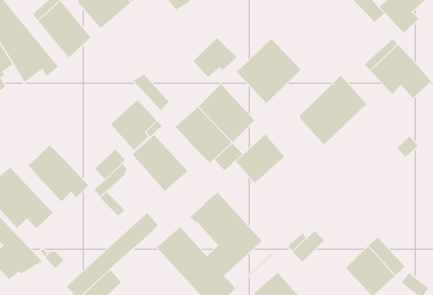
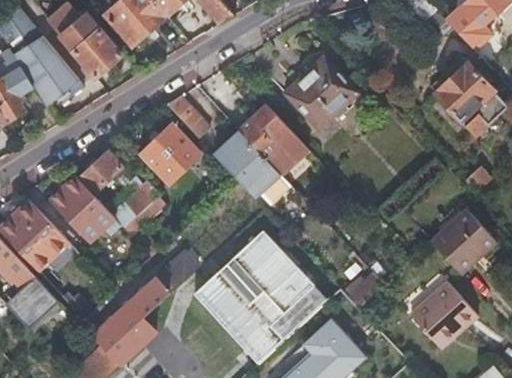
building: [193,37,237,78] -> none
building: [299,75,367,145] -> none
building: none -> [78,152,124,194]
building: [235,134,285,183] -> none
building: [132,134,188,192] -> none
building: none -> [432,211,494,277]

